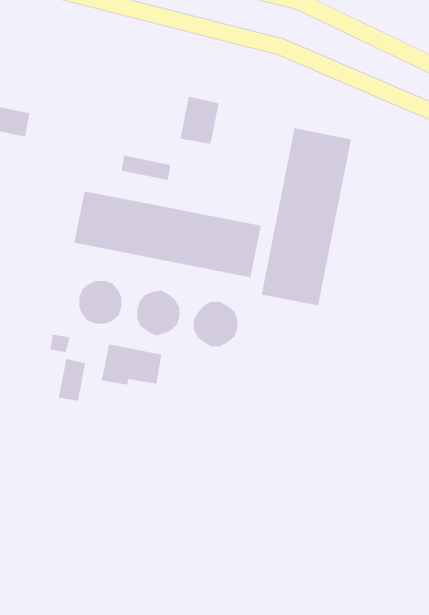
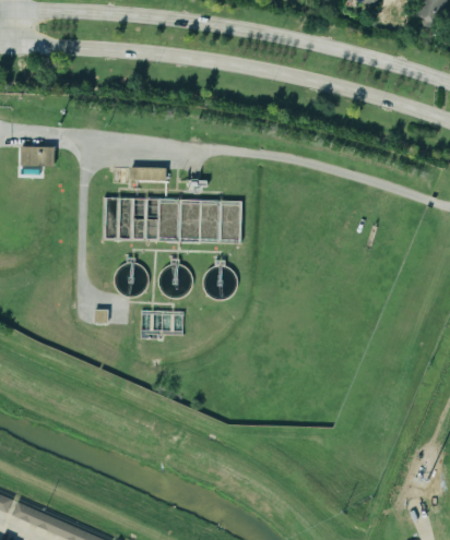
building: [180,96,219,145] -> none
building: [261,128,351,306] -> none
building: [58,358,86,402] -> none

